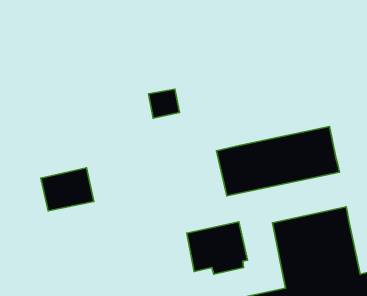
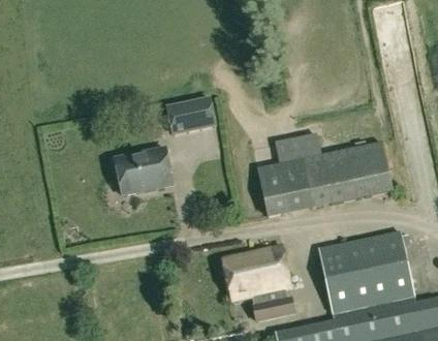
building: none -> [274,132,321,162]
building: [41,168,94,211] -> [114,148,173,195]
building: none -> [252,296,294,321]

